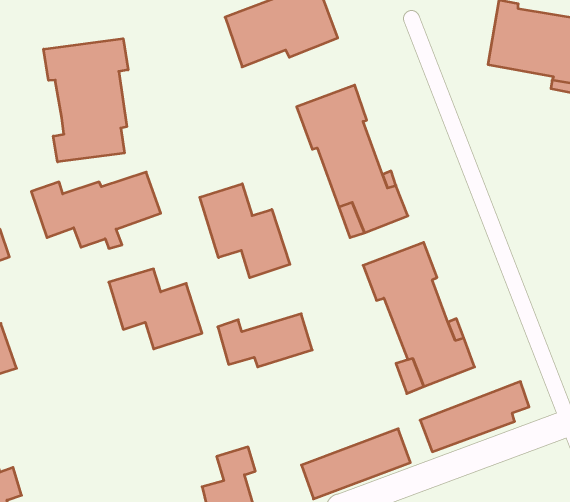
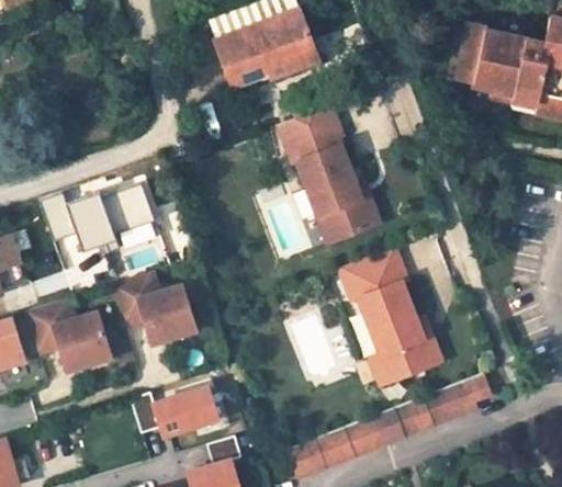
building: [44,39,128,162] -> none
building: [200,184,290,278] -> none
building: none -> [24,298,109,371]
building: [218,314,312,367] -> [132,386,217,434]

